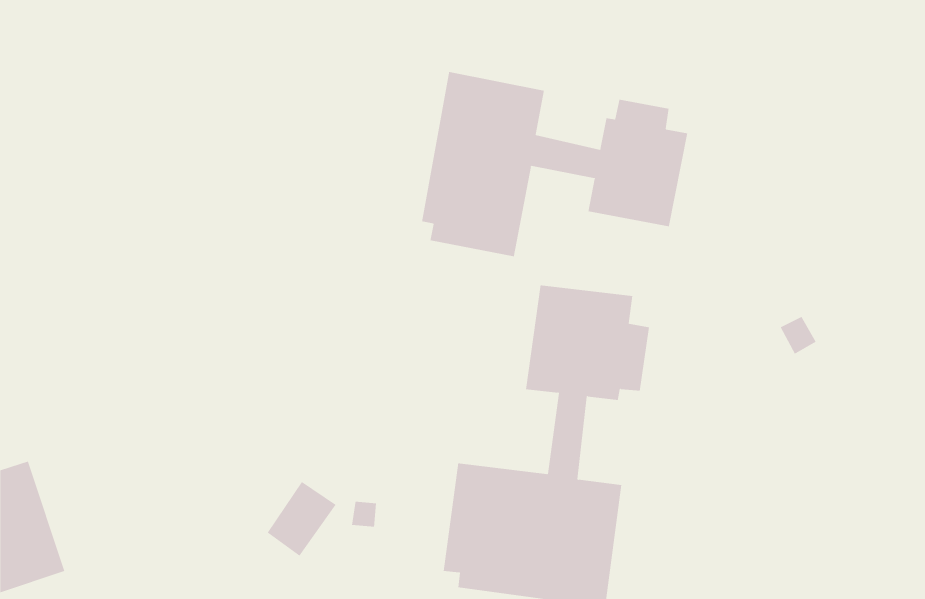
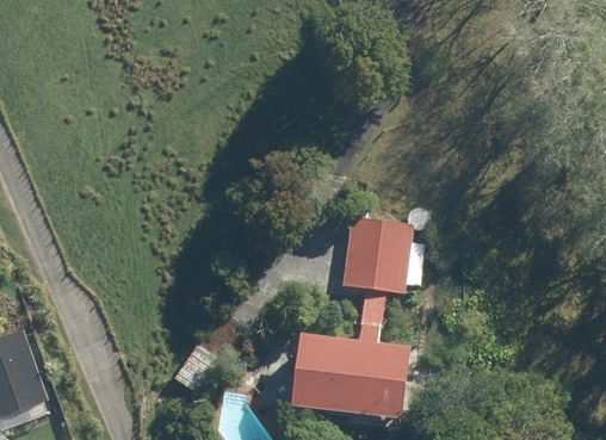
building: [422,71,688,257] -> none

